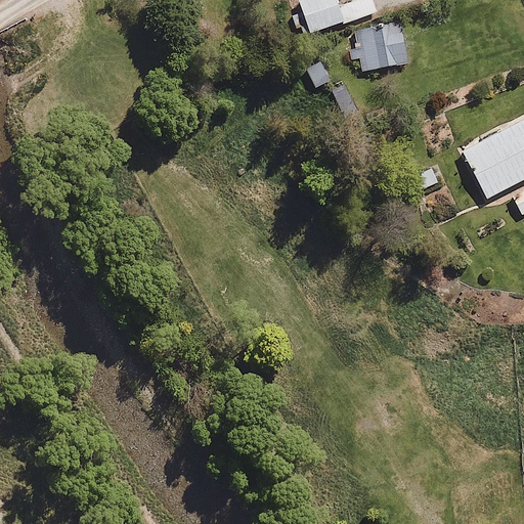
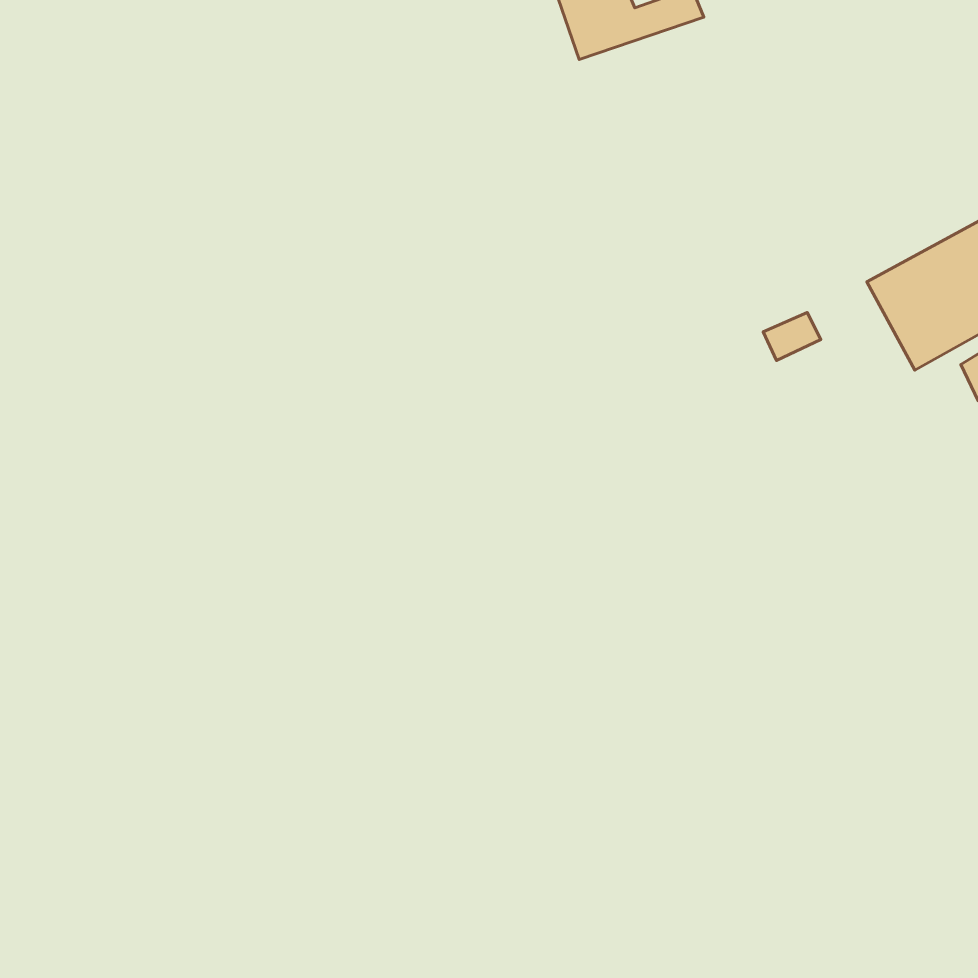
building: [356,23,407,70] -> none

